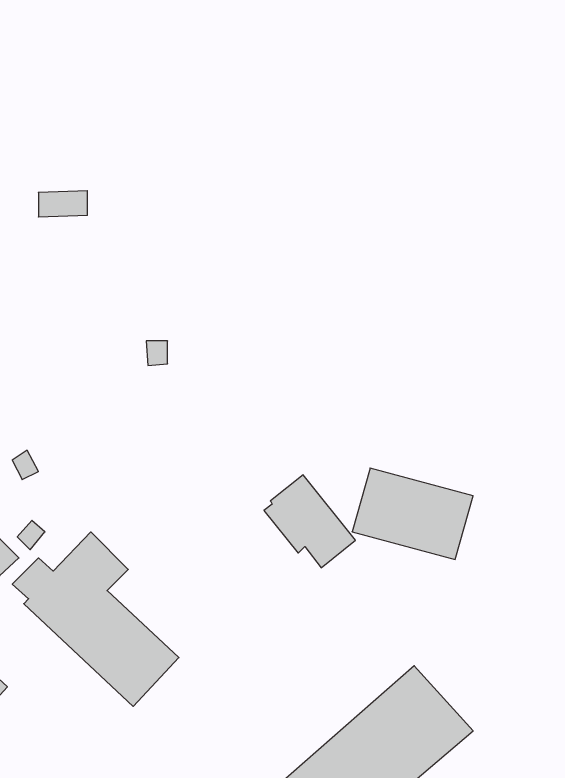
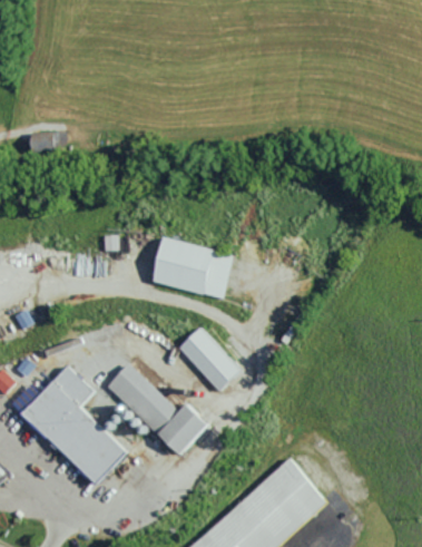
building: [352,468,473,559] -> [150,236,233,299]
building: none -> [105,362,209,456]

